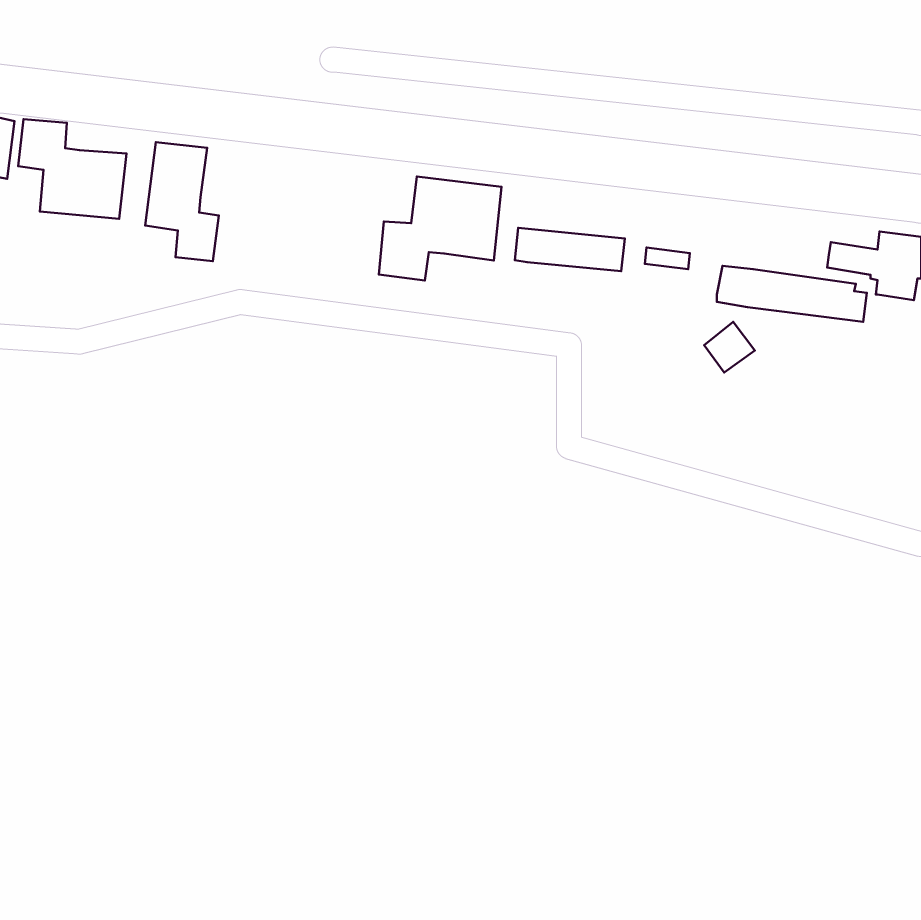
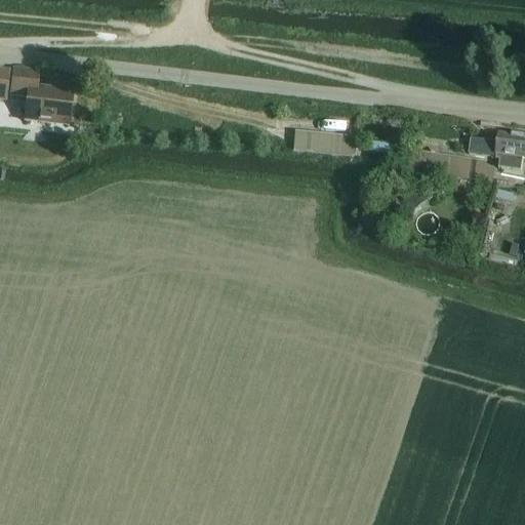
building: [145,142,219,261] -> none
building: [379,177,501,281] -> none

